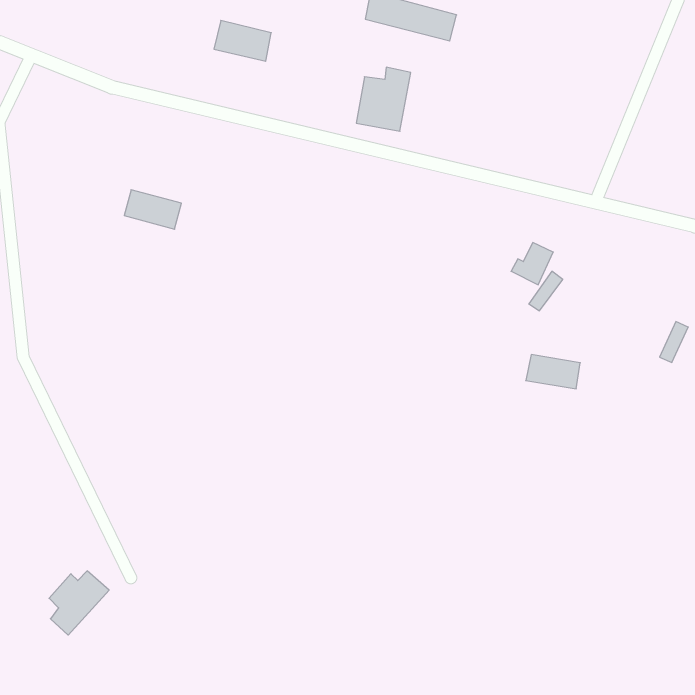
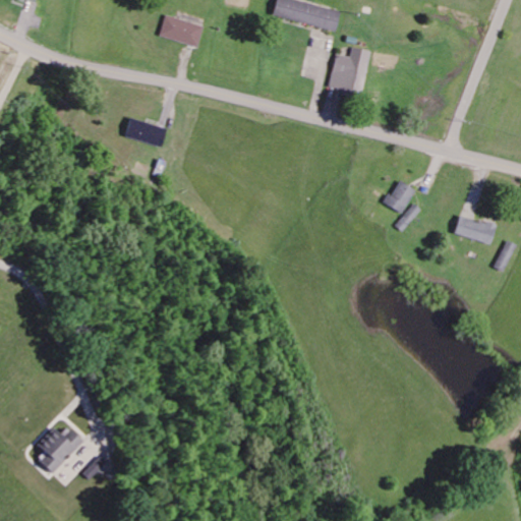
building: [356,67,411,131] -> [330,47,370,95]
building: [124,190,181,229] -> [122,117,165,147]
building: [526,355,580,389] -> [452,217,493,242]

